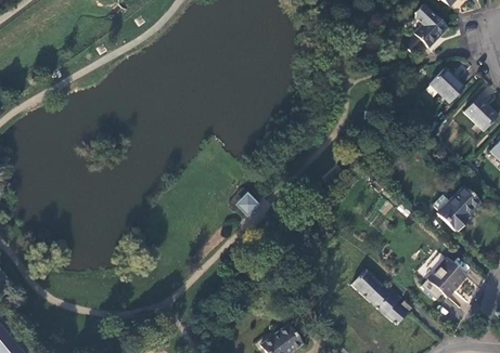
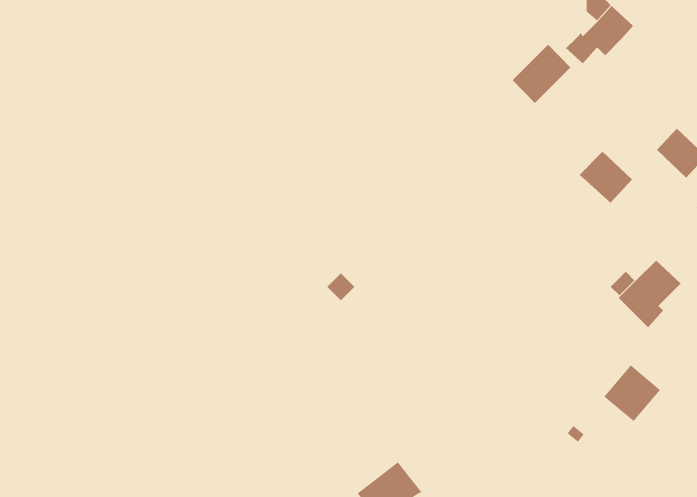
building: none -> [512,44,571,104]
building: [428,67,465,103] -> [579,151,633,203]
building: [351,270,408,325] -> none

